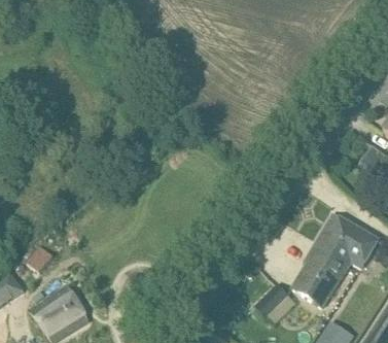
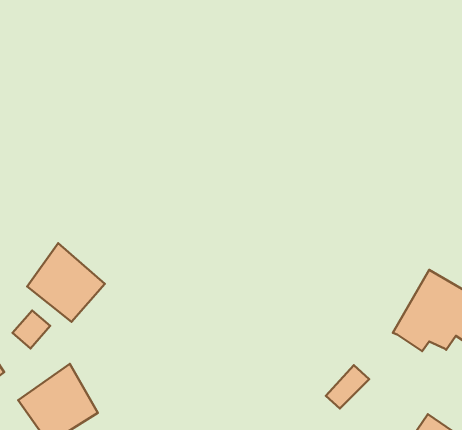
building: none -> [27,243,105,322]
building: [293,261,346,306] -> none

